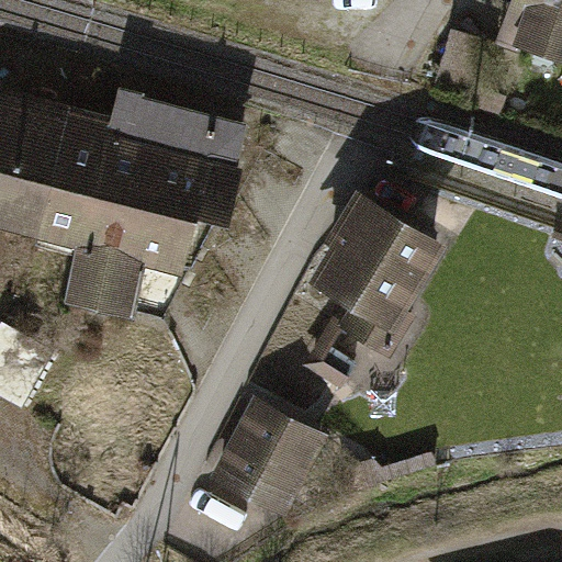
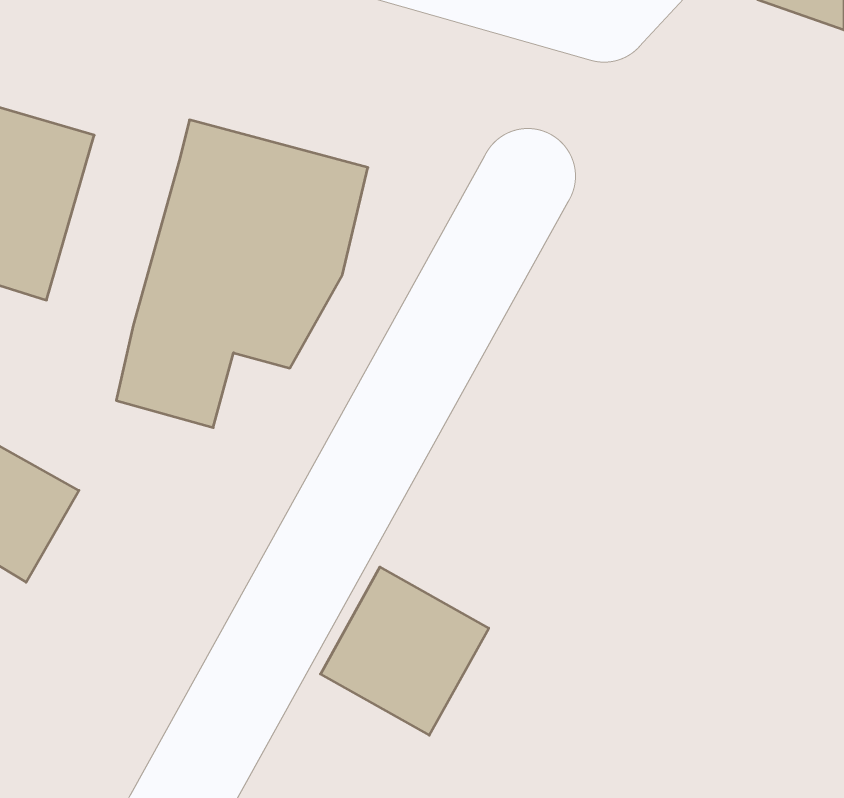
building: [33,120,119,243] -> none
building: [310,198,445,358] -> none

